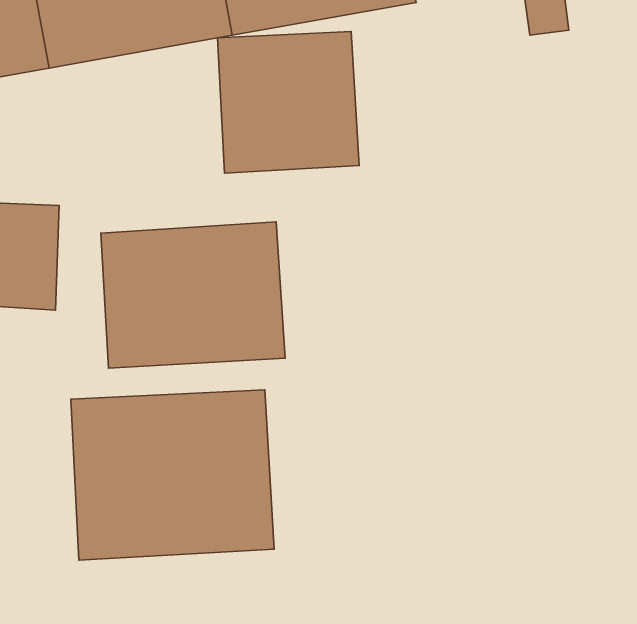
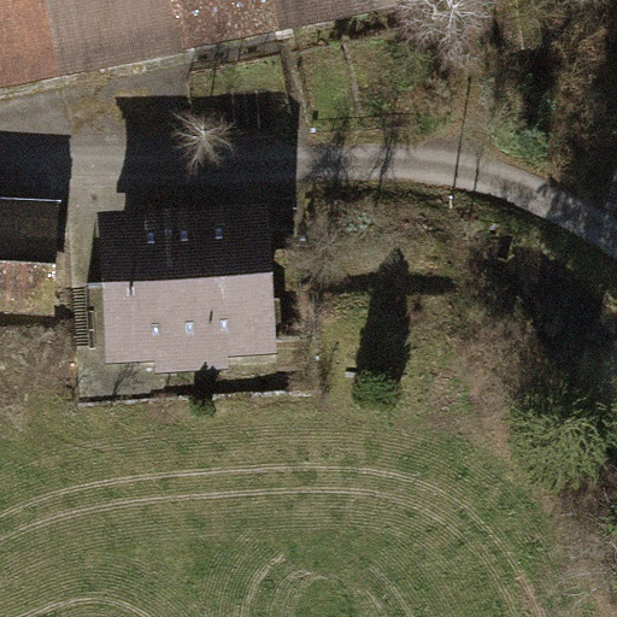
building: [217,32,359,173] -> none
building: [71,390,274,560] -> none

